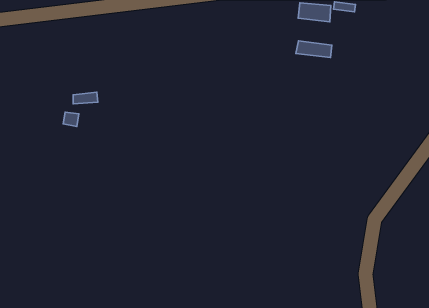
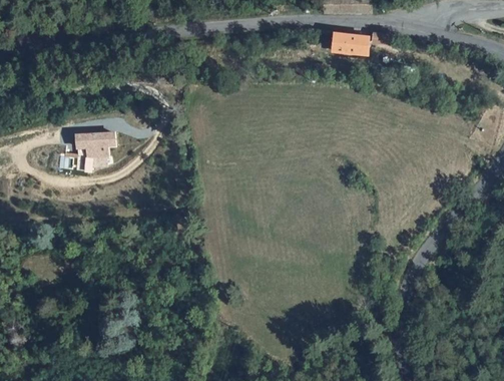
building: [296,41,332,57] -> none

